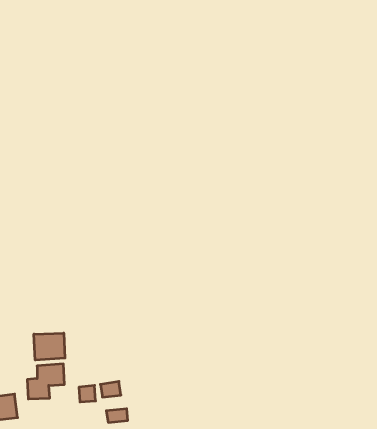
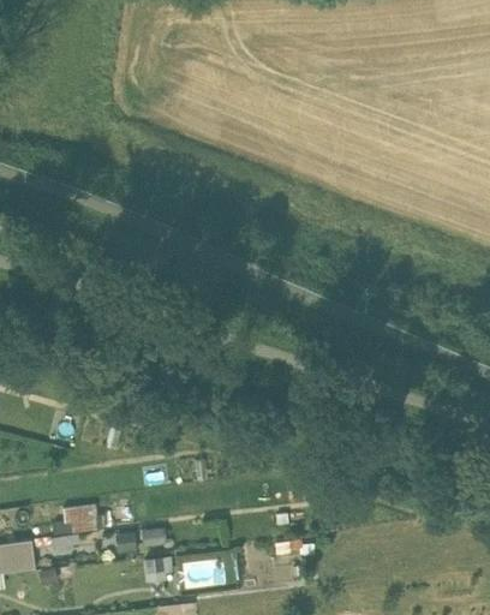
building: [34,333,65,360] -> none

